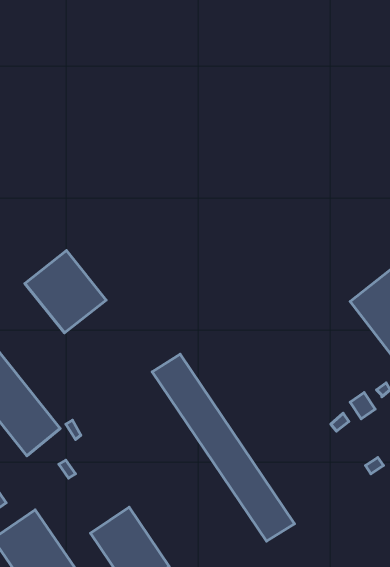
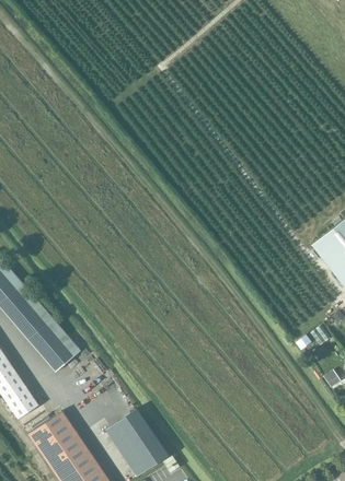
building: [25,251,106,333] -> none
building: [152,354,295,541] -> none

